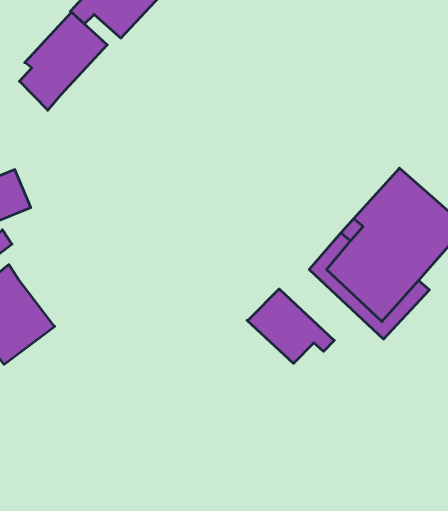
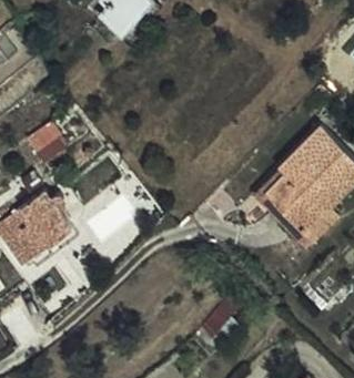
building: [19,12,107,110] -> none
building: [247,289,334,363] -> none

